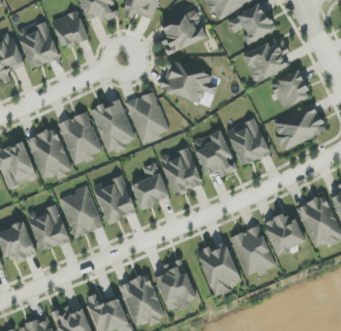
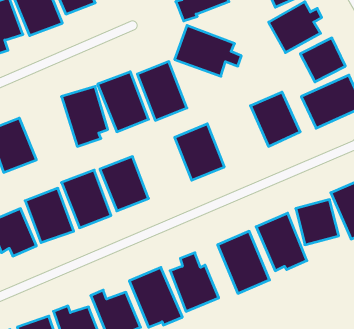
building: [26,126,74,178] -> none
building: [192,129,238,176] -> none
building: [131,162,169,208] -> none

